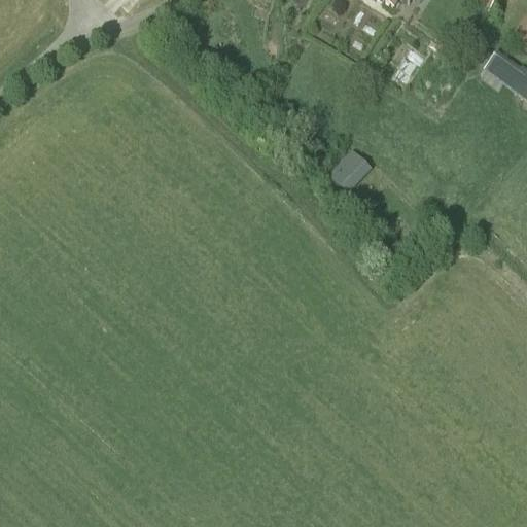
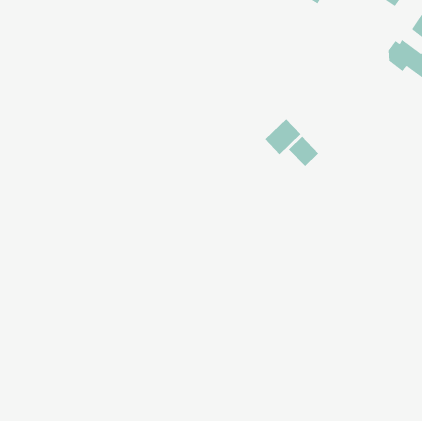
building: none -> [288,136,319,167]

